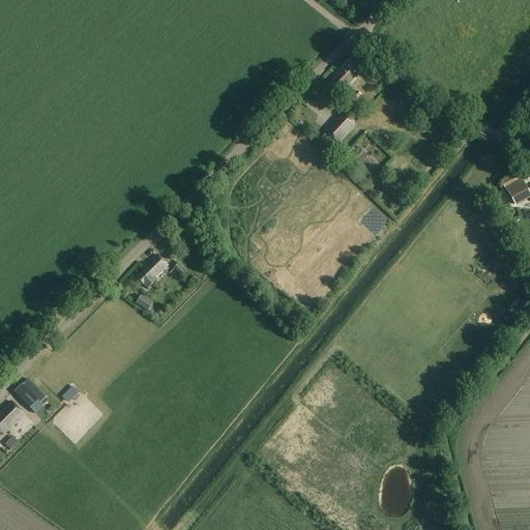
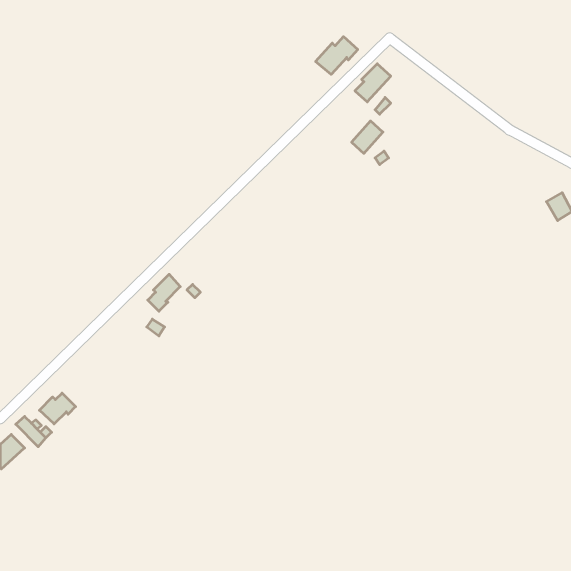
building: none -> [316,37,358,74]
building: none -> [39,393,76,424]

